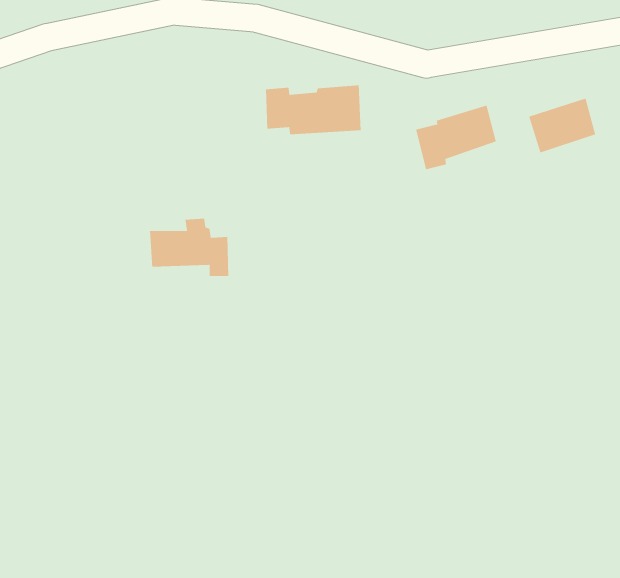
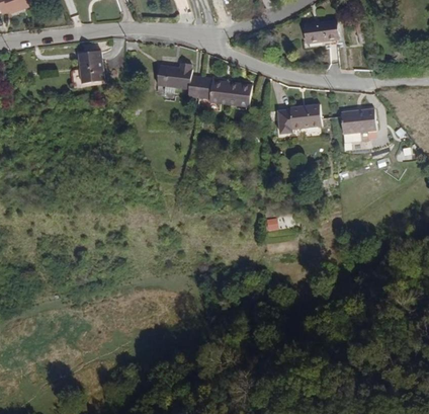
building: none -> [76,49,103,82]
building: [149,218,229,277] -> [156,63,200,98]

